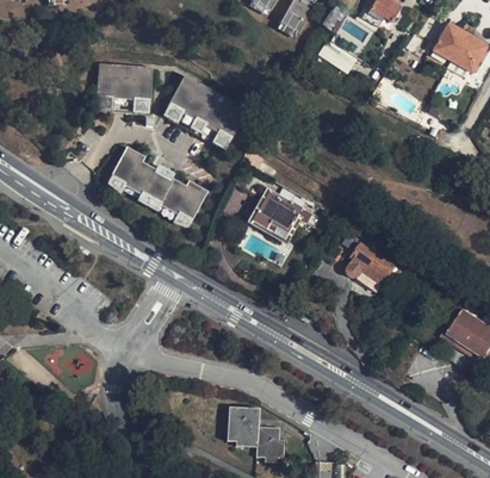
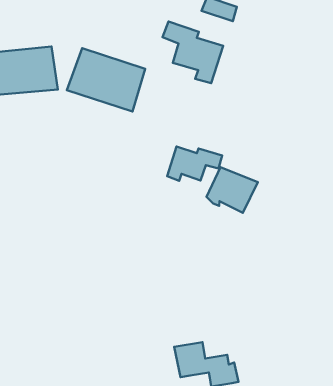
building: none -> [162,22,223,83]
building: [106,145,209,228] -> none
building: [340,247,397,299] -> [206,167,258,213]

